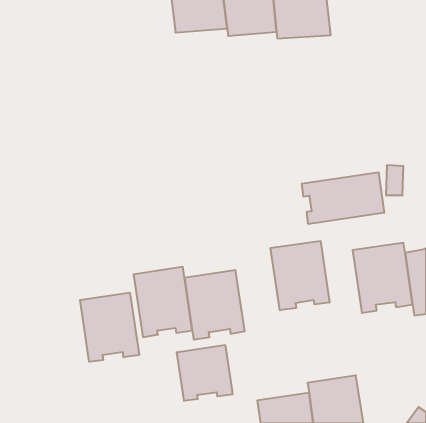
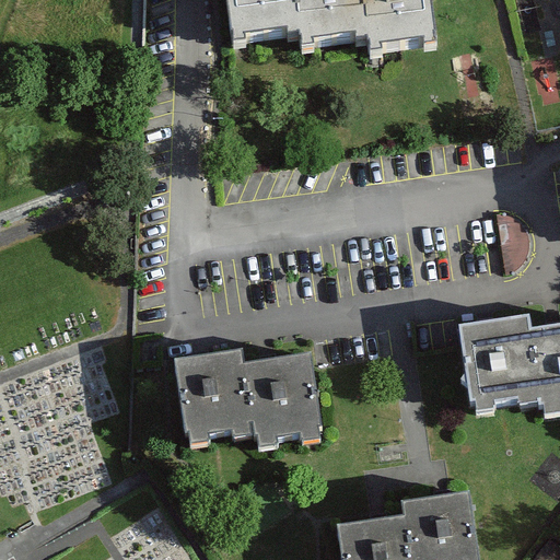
building: [302,172,384,224] -> none
building: [271,241,330,310] -> none
building: [80,293,139,362] -> none
building: [177,345,232,401] -> none

